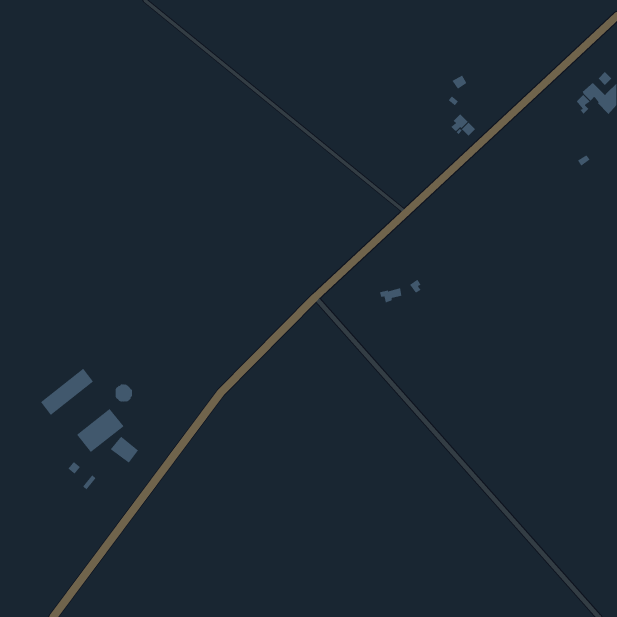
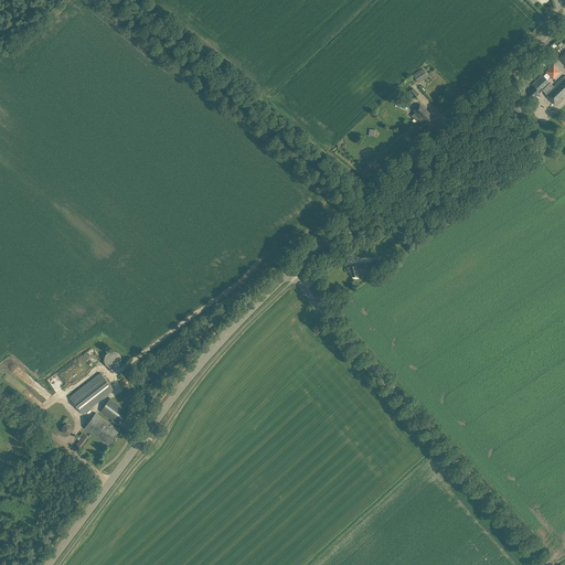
building: [40,368,94,416] -> none
building: none -> [85,413,119,445]

